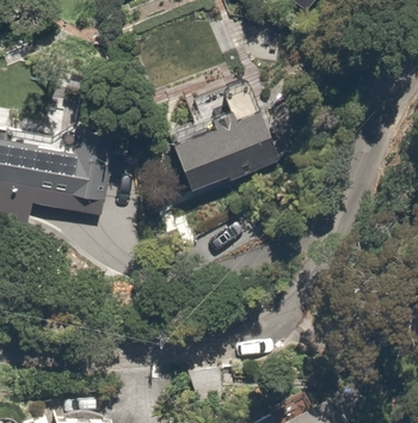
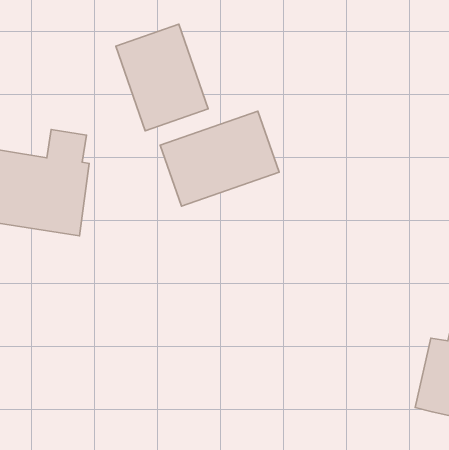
building: none -> [116,24,208,131]

